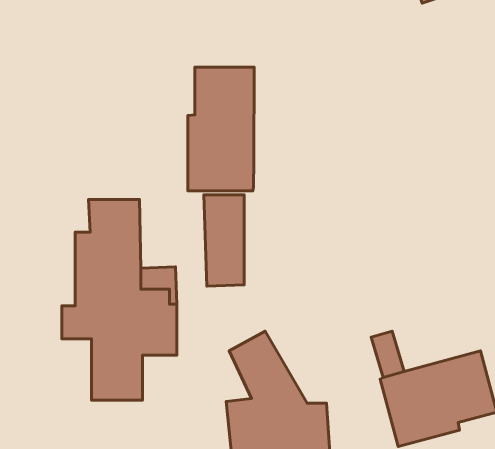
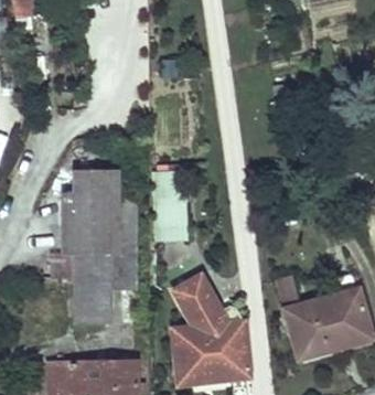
building: [188,67,254,191] -> none

